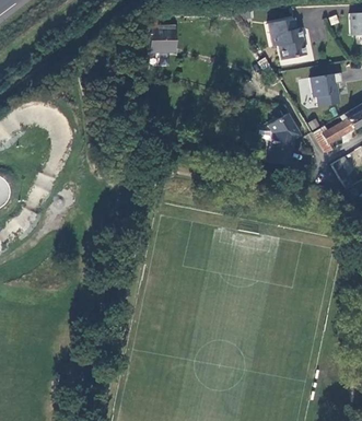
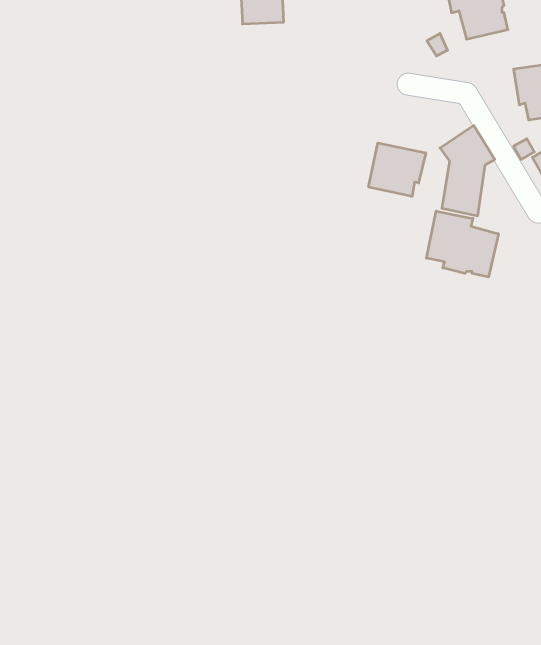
building: none -> [369,143,426,196]
building: none -> [426,211,498,277]

